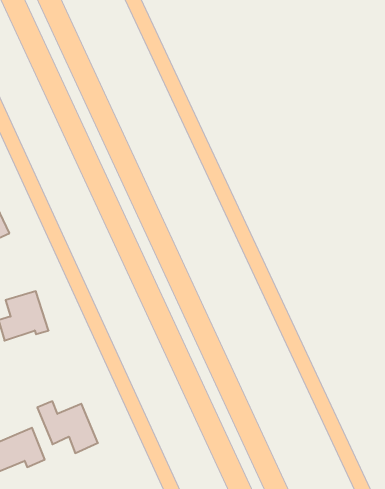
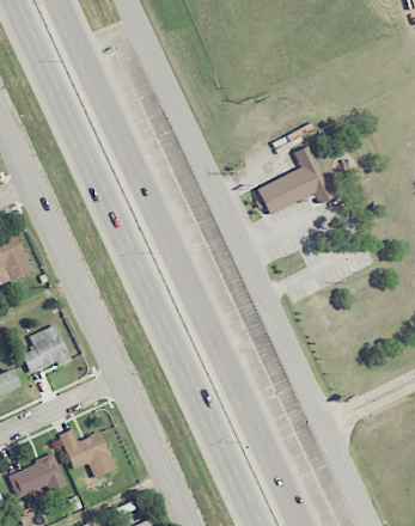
building: none -> [257,146,334,216]

